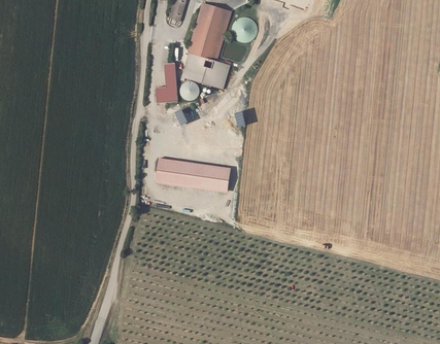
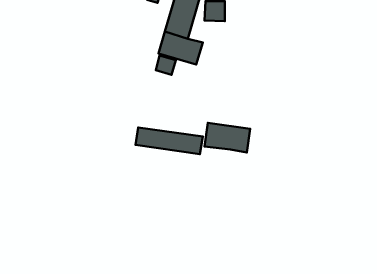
building: [156,64,178,104] -> none
building: none -> [204,123,250,153]

